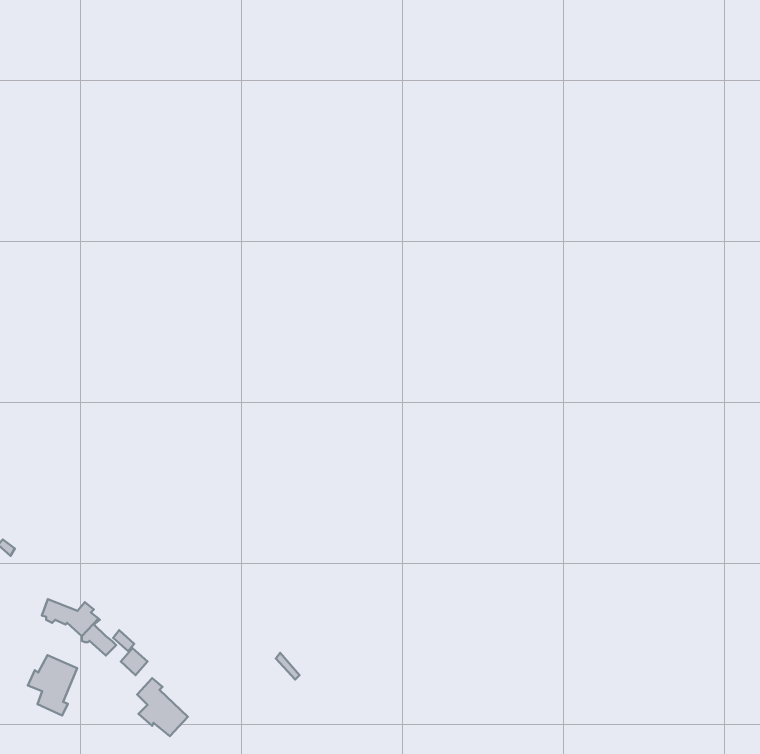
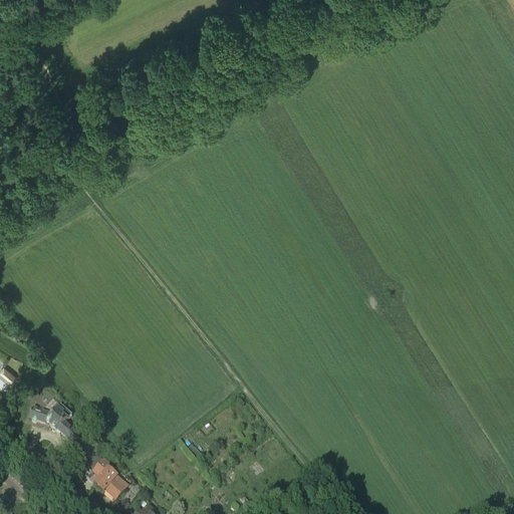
building: [28,655,77,715] -> none

